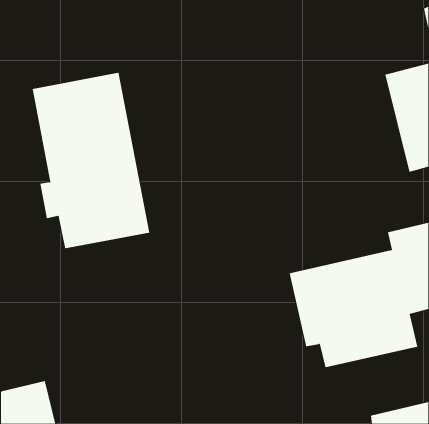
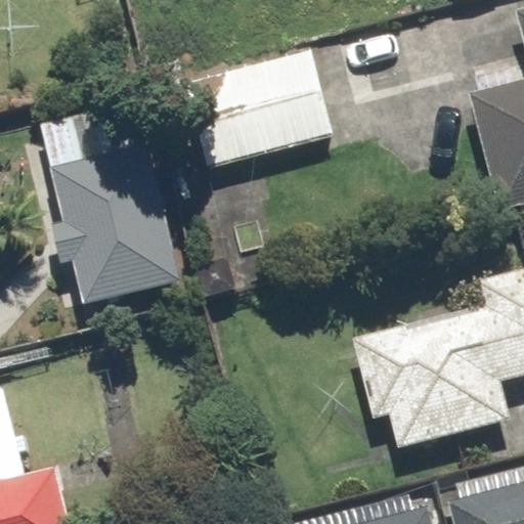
building: none -> [180,49,335,168]

